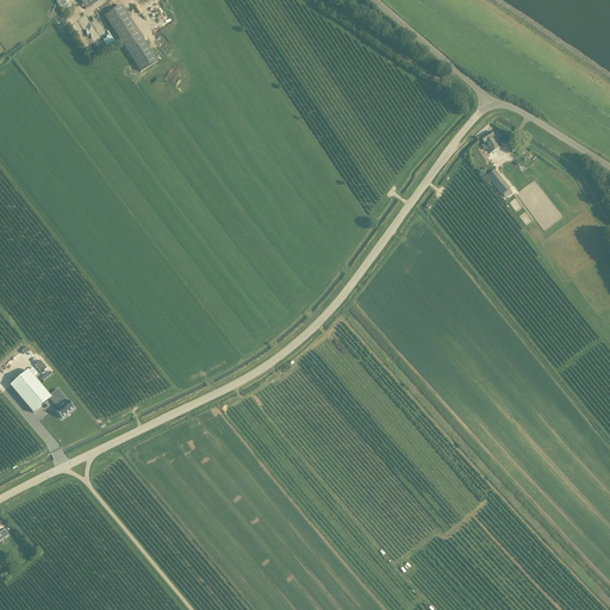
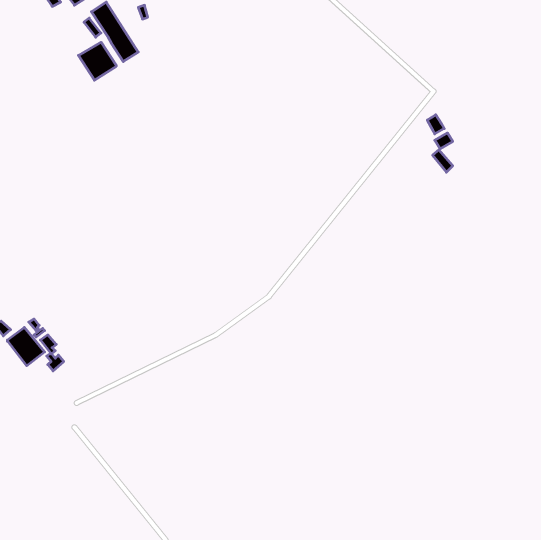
building: none -> [78,42,116,80]

